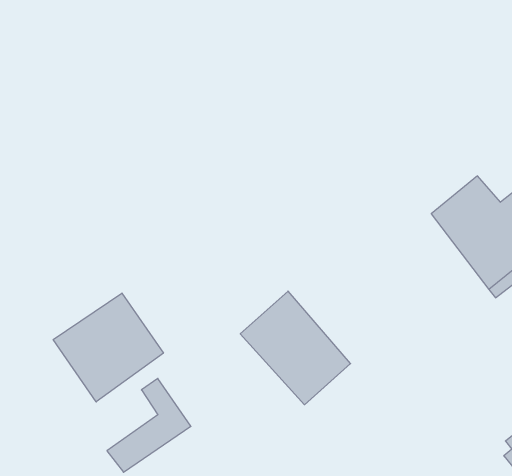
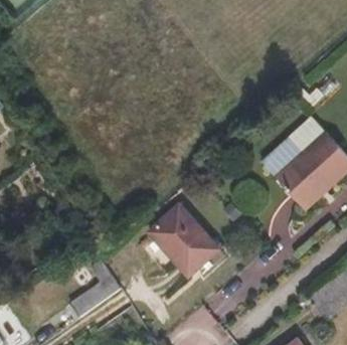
building: [53,293,163,402] -> none

